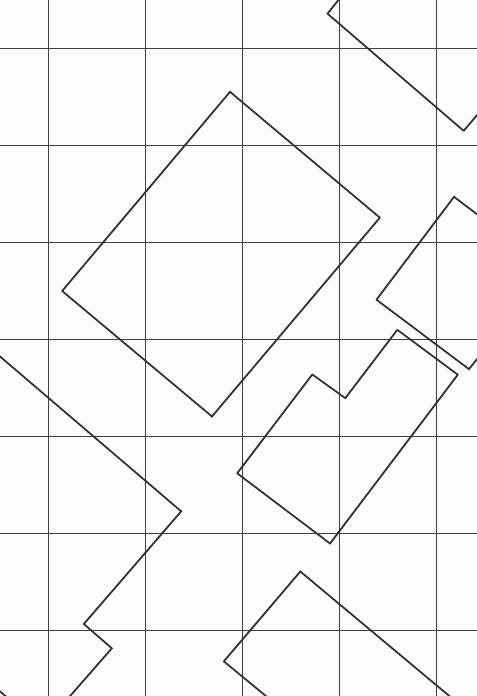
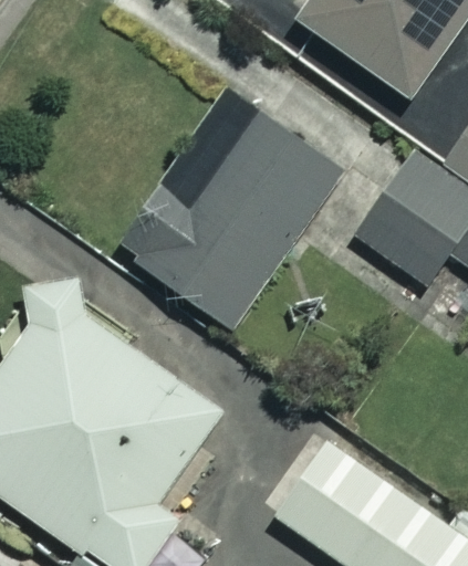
building: [237,330,458,544] -> none

